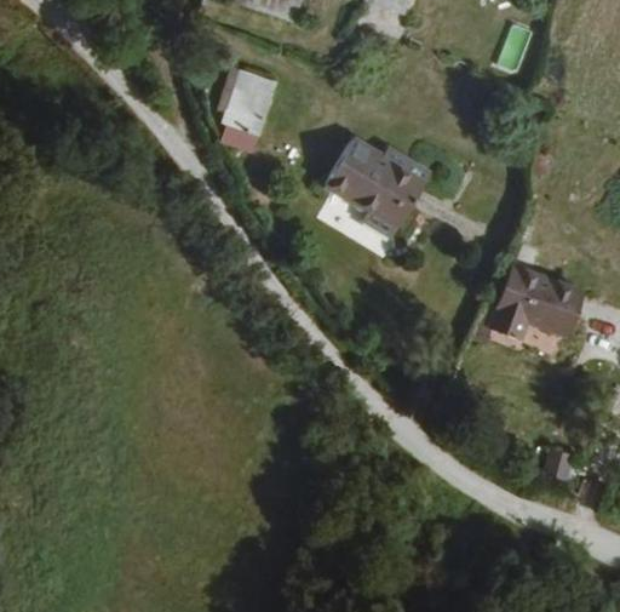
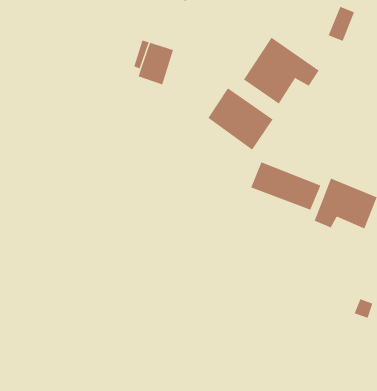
building: none -> [243,37,319,104]
building: none -> [250,161,321,210]

